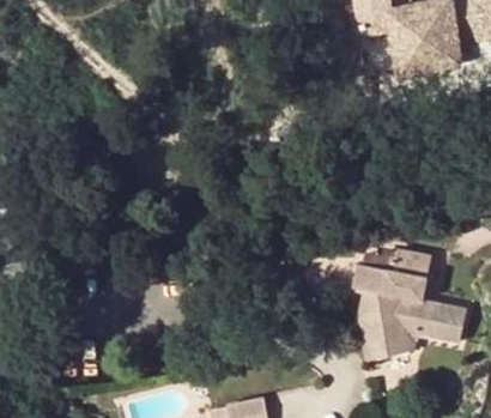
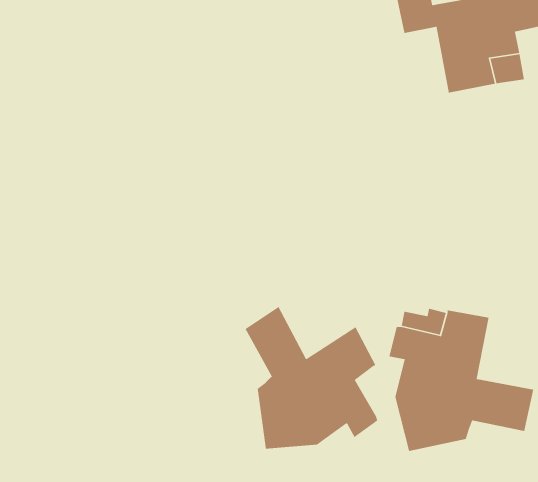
building: none -> [245,306,378,450]

